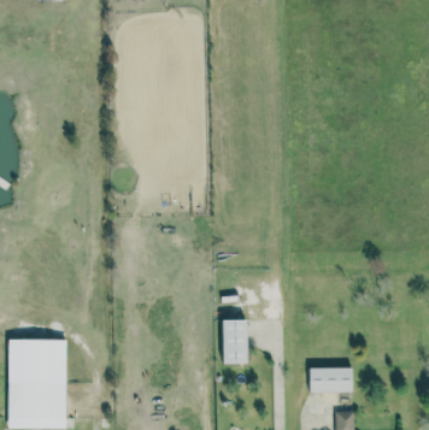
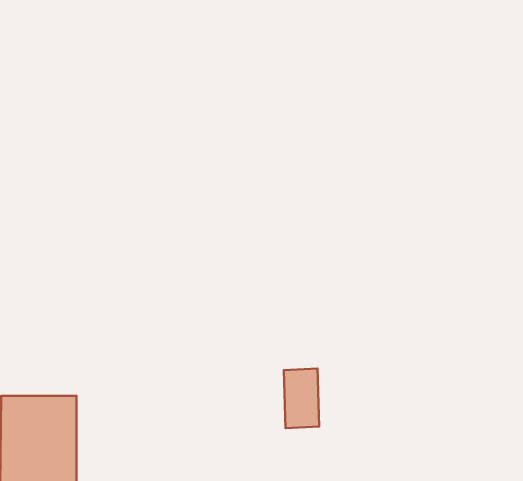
building: [310,366,353,391] -> none

